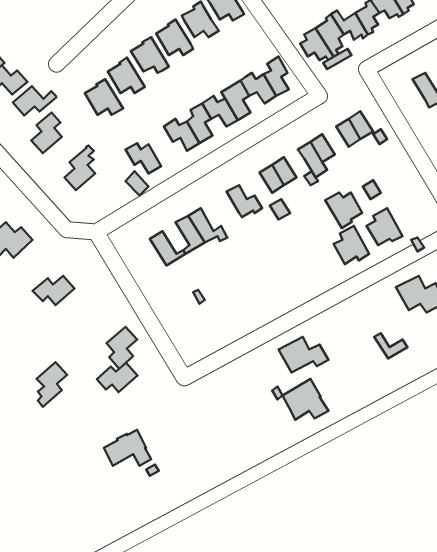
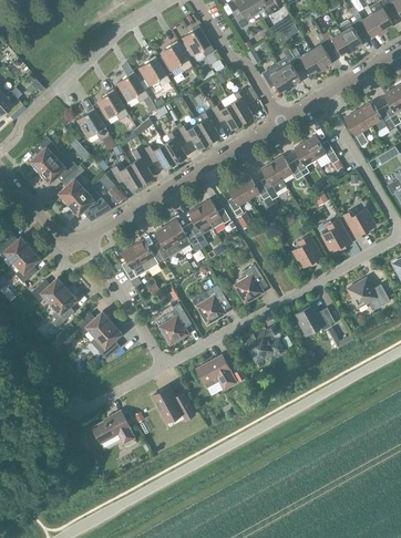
building: none -> [343,107,371,146]
building: [13,86,56,115] -> [39,157,76,183]
building: none -> [131,145,152,183]
building: none -> [68,189,111,218]
building: none -> [187,205,212,249]
building: [325,193,362,228] -> [342,208,374,239]
building: none -> [121,246,146,286]
building: none -> [13,247,40,282]
building: none -> [233,265,267,303]
building: none -> [195,284,225,324]
building: none -> [157,303,188,345]
building: none -> [294,303,335,333]
building: [36,362,67,407] -> [50,289,76,328]
building: [97,363,138,392] -> [75,311,111,337]
building: [282,379,328,420] -> [196,354,236,390]
building: none -> [151,386,194,422]

